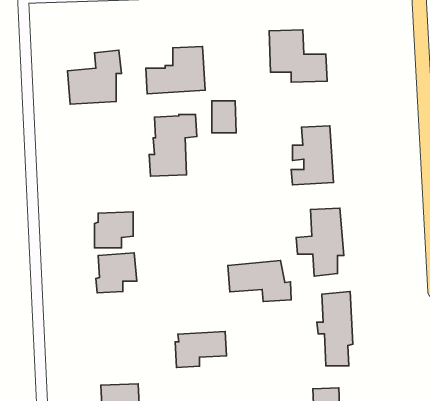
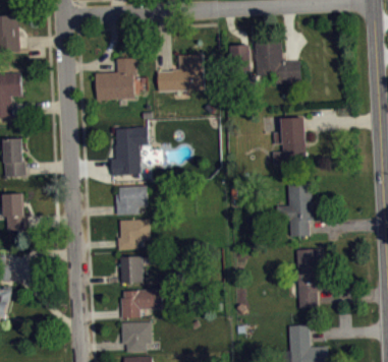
building: [212,101,236,133] -> [230,46,250,71]
building: [149,115,197,176] -> [111,127,149,176]
building: [228,261,291,302] -> none
building: none -> [119,256,142,283]
building: [175,331,227,367] -> [121,290,162,318]

